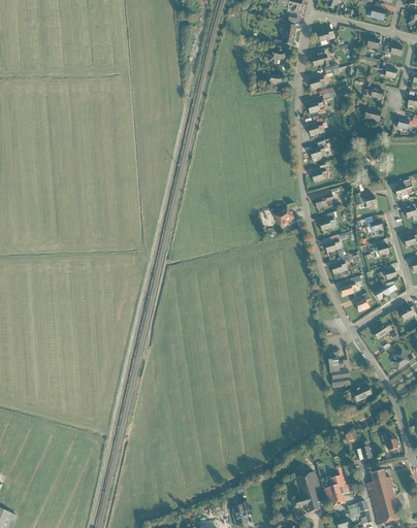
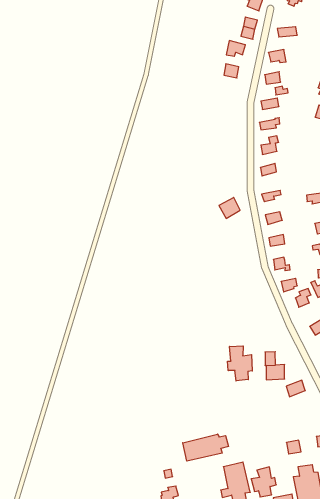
building: none -> [228,346,252,381]
building: none -> [183,434,229,461]

